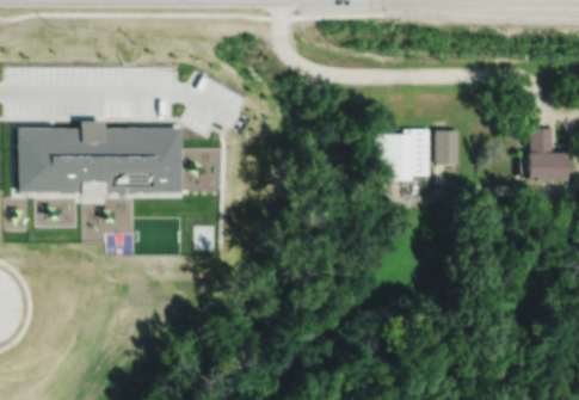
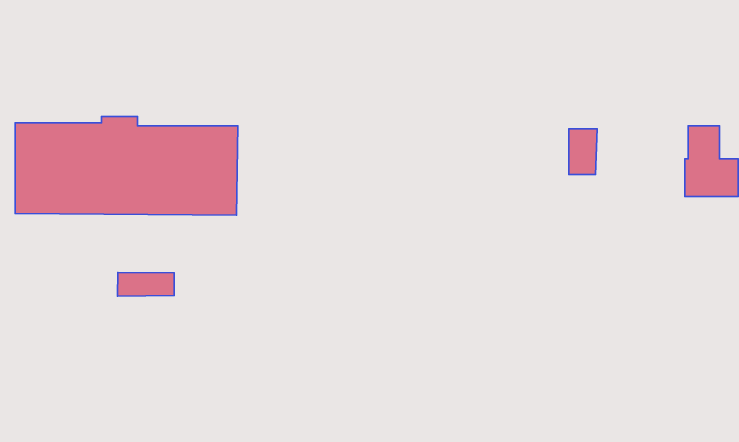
building: [377,128,432,180] -> none
building: none -> [118,273,174,296]

